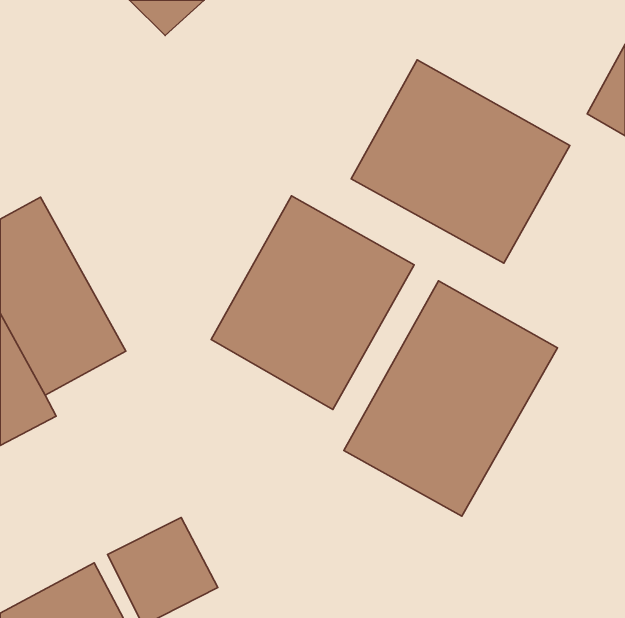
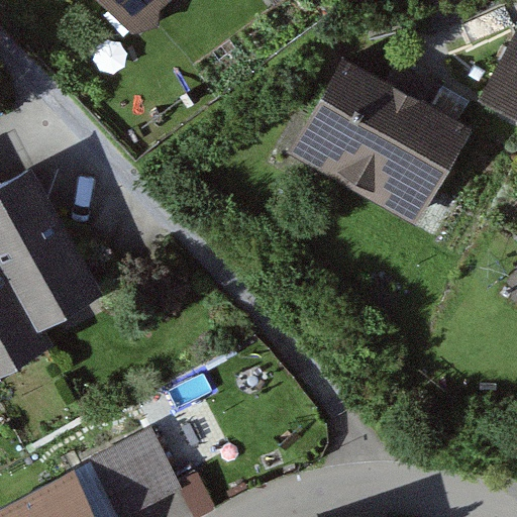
building: [211,196,414,409] -> none
building: [344,281,557,516] -> none

